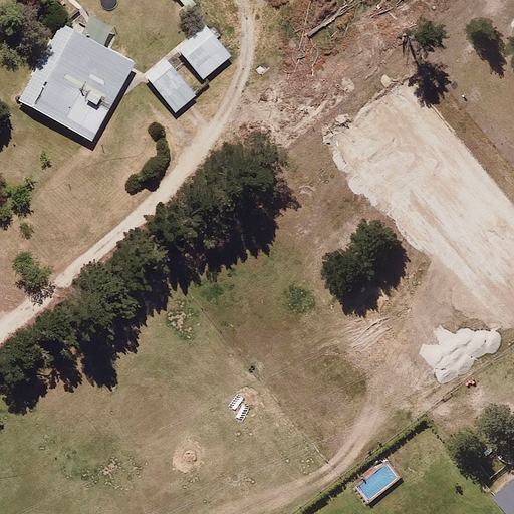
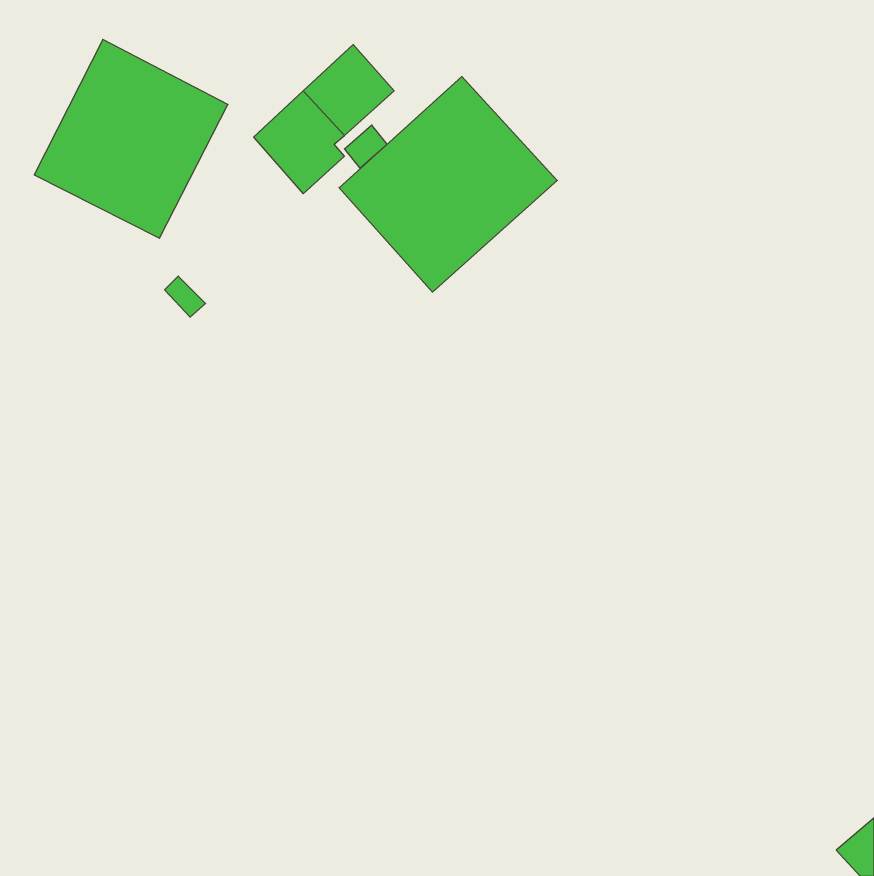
building: none -> [339,77,557,292]

